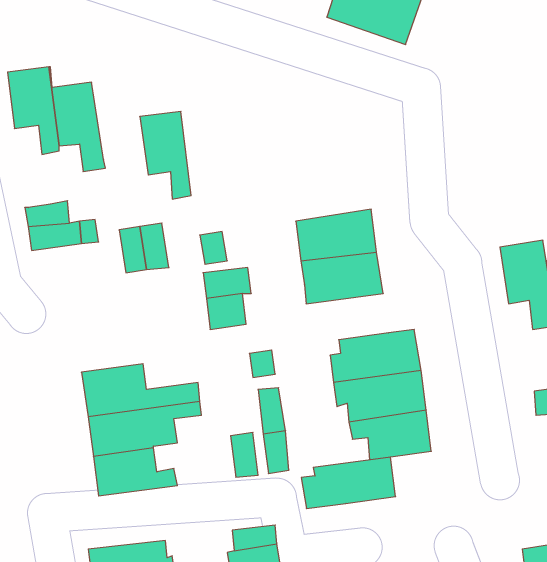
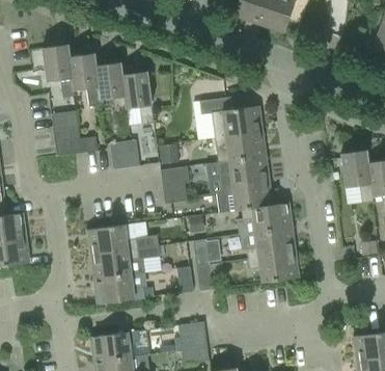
building: none -> [93,52,128,115]
building: none -> [199,97,263,137]
building: [301,457,396,509] -> [216,181,273,212]

